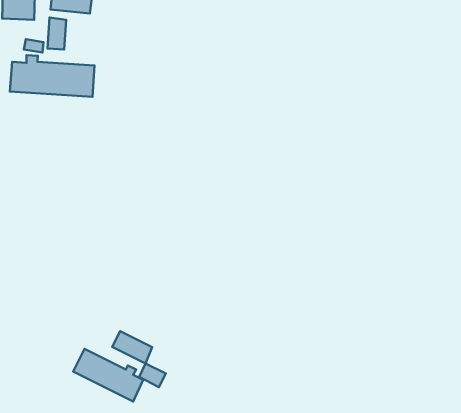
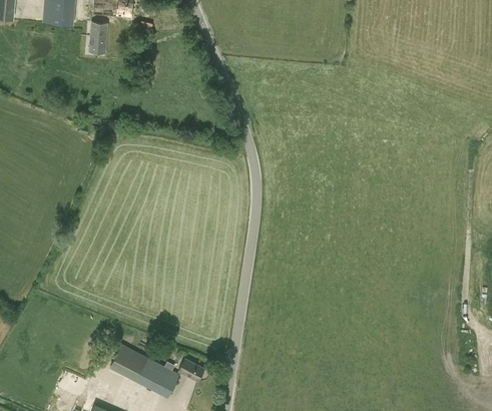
building: [10,55,94,97] -> none
building: [112,331,152,363] -> none

